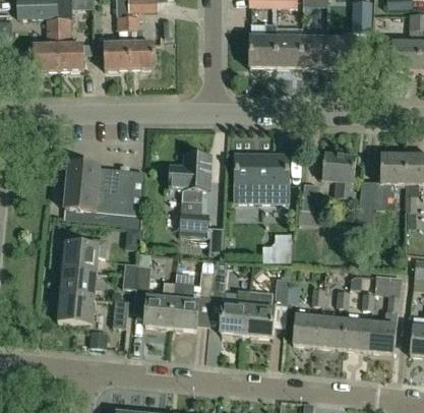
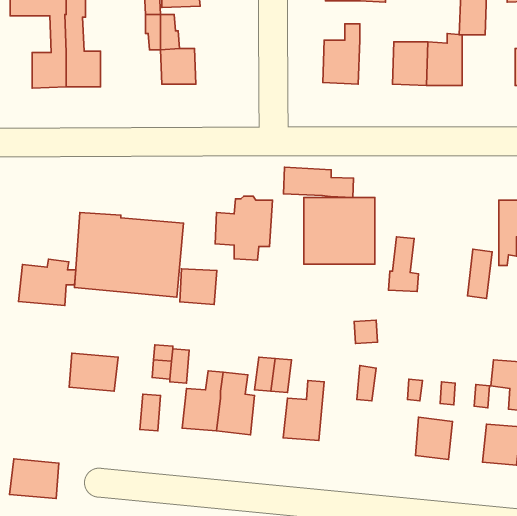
building: [276,36,302,68] -> none
building: [104,43,129,69] -> none
building: none -> [283,167,354,197]
building: [322,153,356,197] -> none
building: [181,211,208,237] -> [180,269,217,304]
building: [62,237,105,272] -> [18,259,76,305]
building: [246,290,275,337] -> none
building: [57,294,94,323] -> [10,459,59,499]
building: [293,314,320,345] -> none
building: [343,319,371,350] -> none

